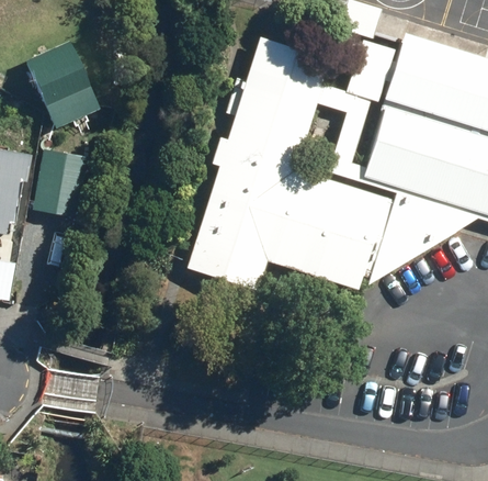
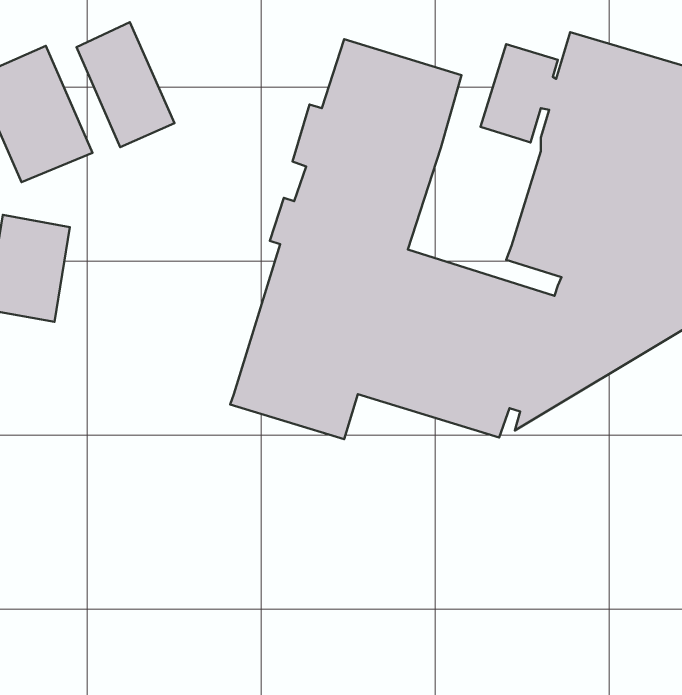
building: none -> [77,22,175,147]
building: [320,87,397,193] -> none

